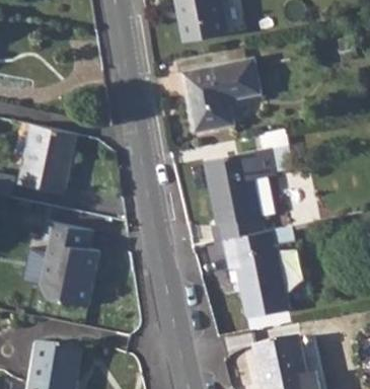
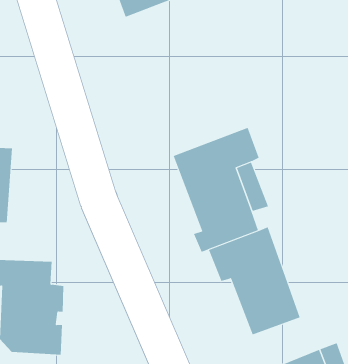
building: [182,58,258,131] -> none

